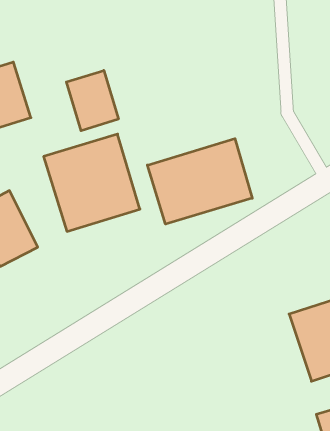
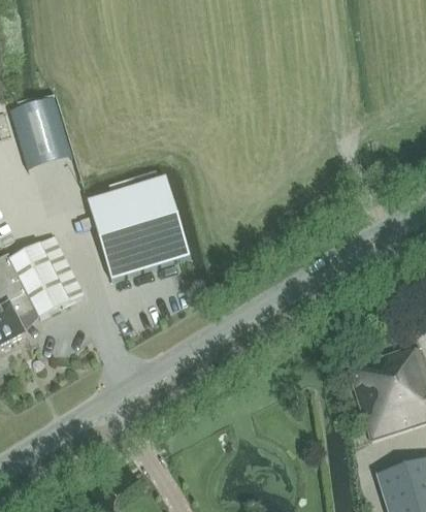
building: [66,70,118,131] -> none
building: [147,139,252,224] -> none

